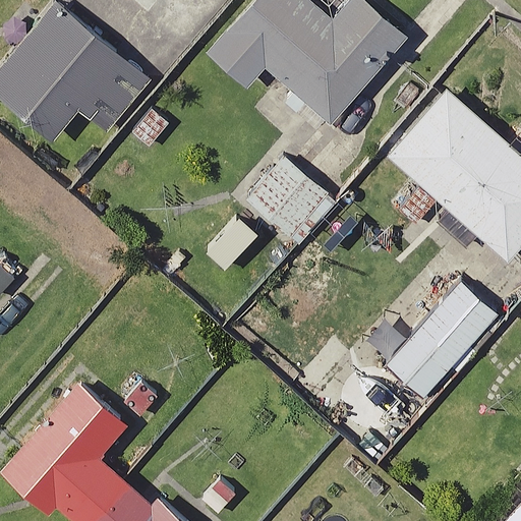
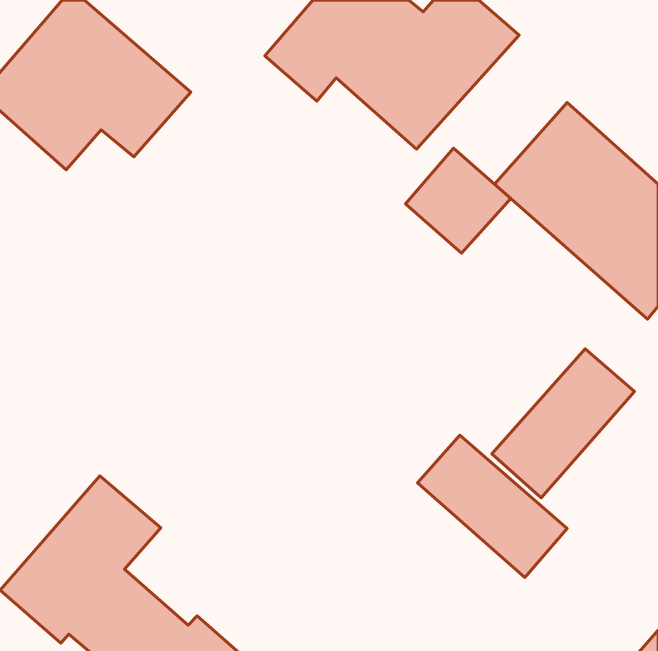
building: [245,157,328,239] -> [406,148,511,253]
building: none -> [417,435,567,577]

